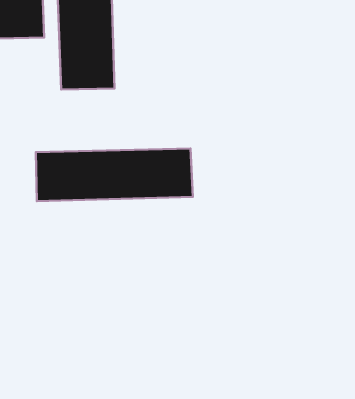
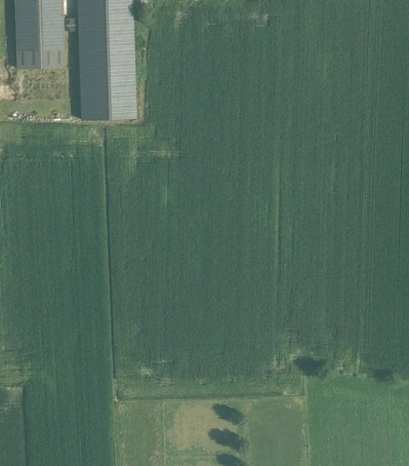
building: [36,149,193,201] -> none

